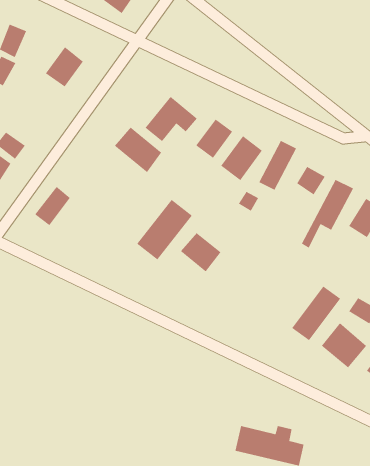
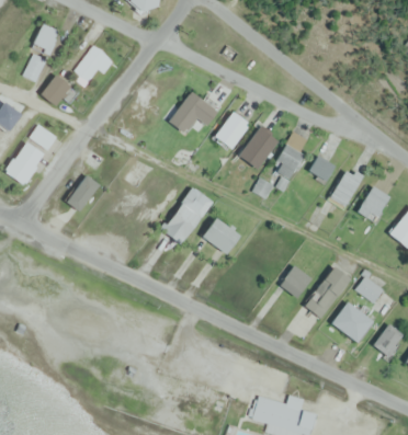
building: none -> [41,75,72,106]
building: [114,126,162,173] -> none
building: none -> [279,265,311,298]

